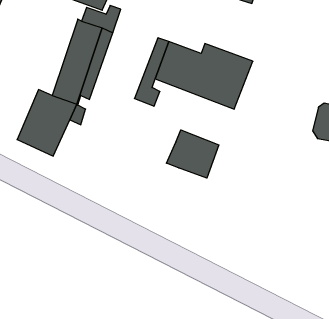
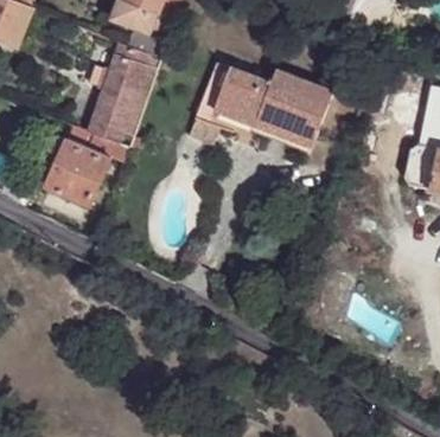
building: [166,130,219,178] -> none

